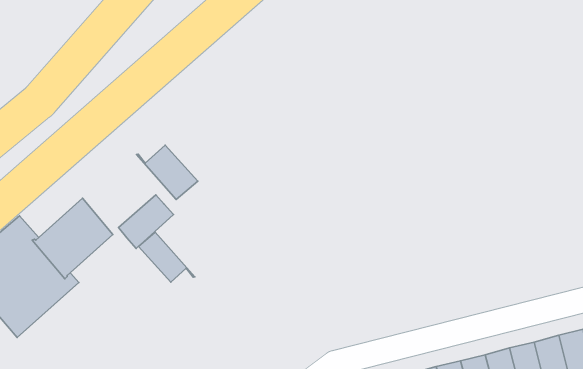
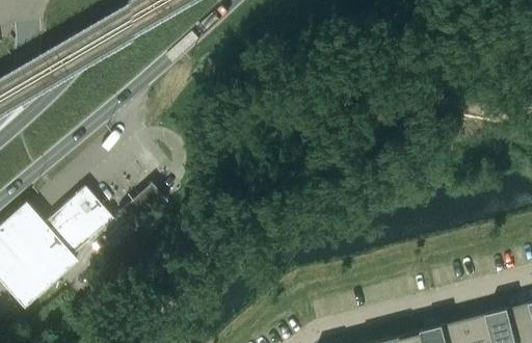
building: [137,145,198,200] -> none
building: [138,232,195,282] -> none

